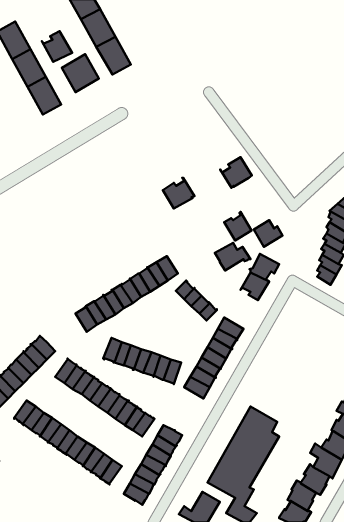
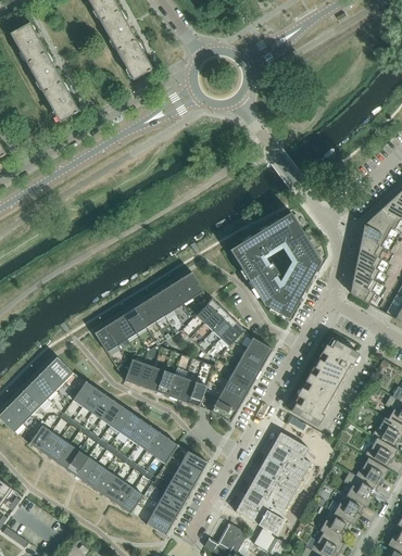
building: [42,31,72,62] -> none
building: [62,54,99,92] -> none
building: [220,157,252,188] -> [269,212,303,244]
building: [163,178,194,208] -> [230,236,264,268]
building: none -> [290,250,322,280]
building: none -> [253,275,280,307]
building: none -> [292,338,356,425]

